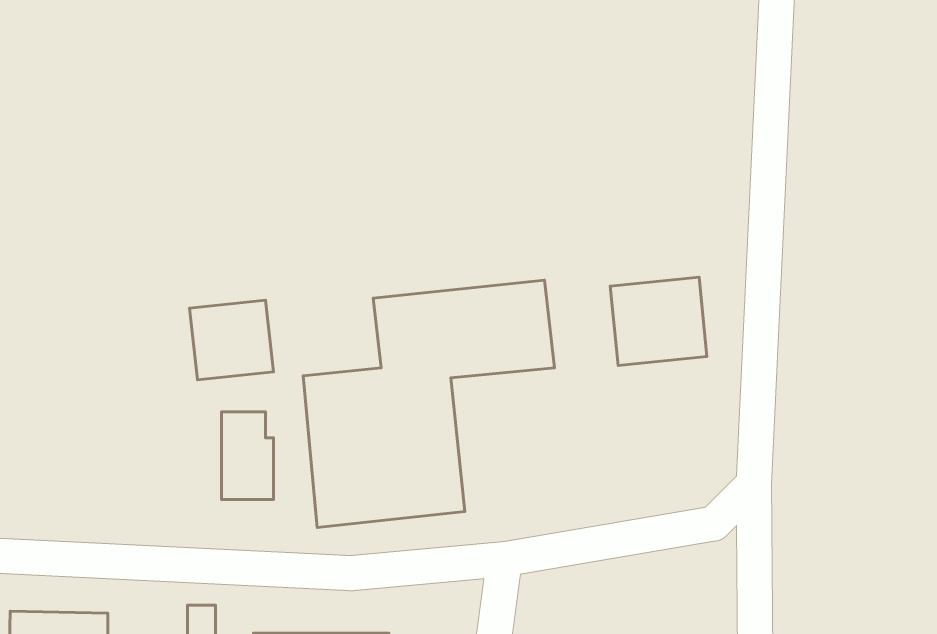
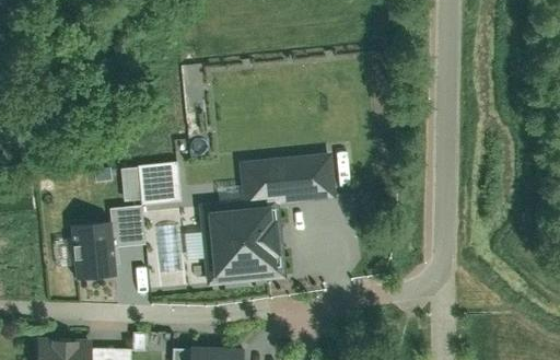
building: [610,277,707,366] -> none
building: none -> [70,209,144,282]

